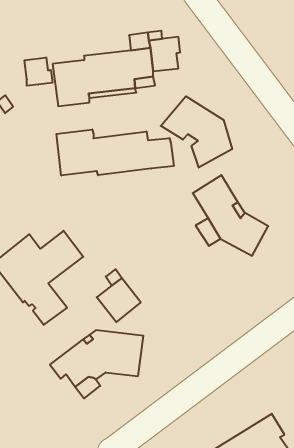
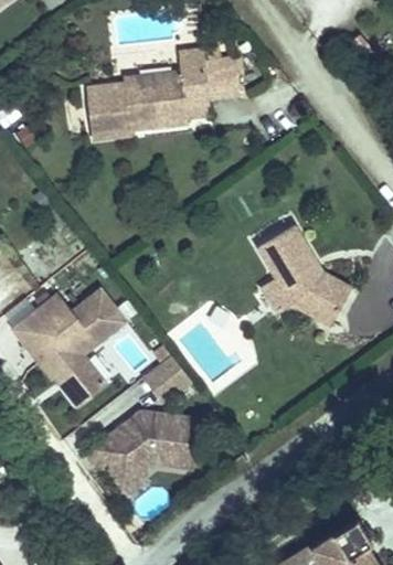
building: [24,57,52,86] -> none
building: [161,96,232,168] -> none
building: [56,129,174,176] -> none

